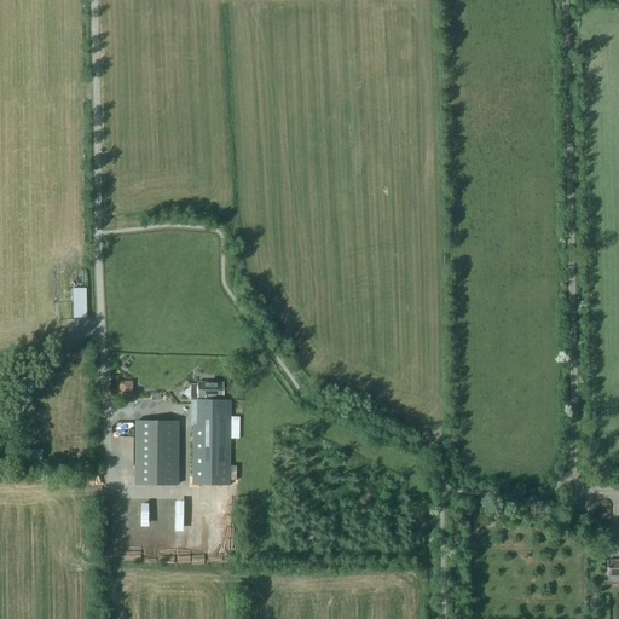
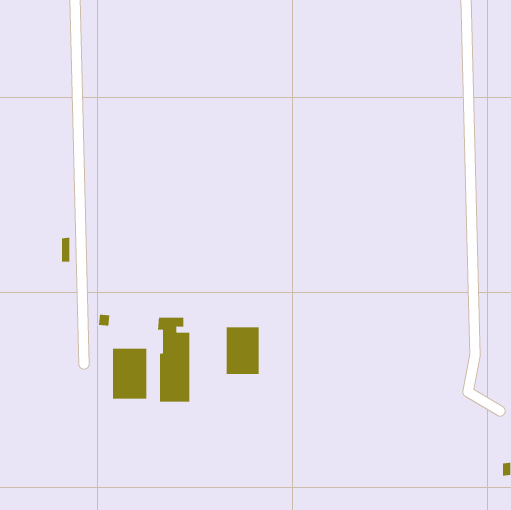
building: none -> [226,326,259,375]

